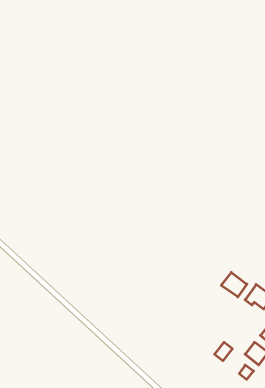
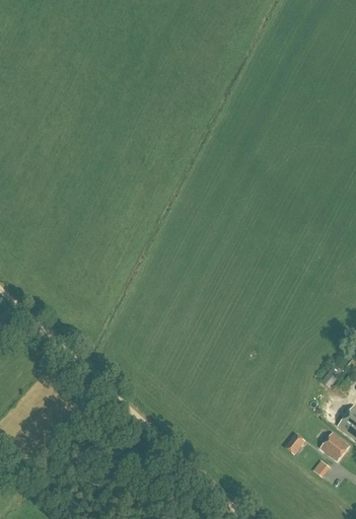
building: [221,272,247,297] -> none

